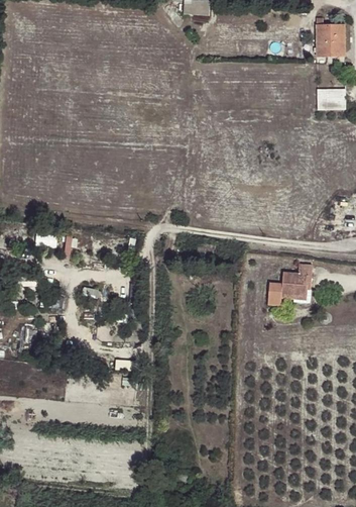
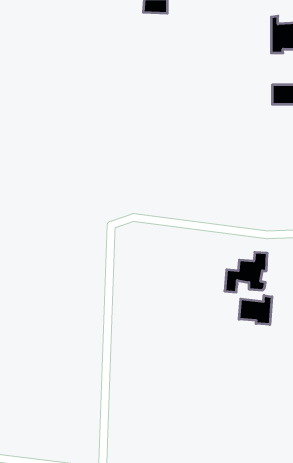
building: none -> [239,295,272,325]

